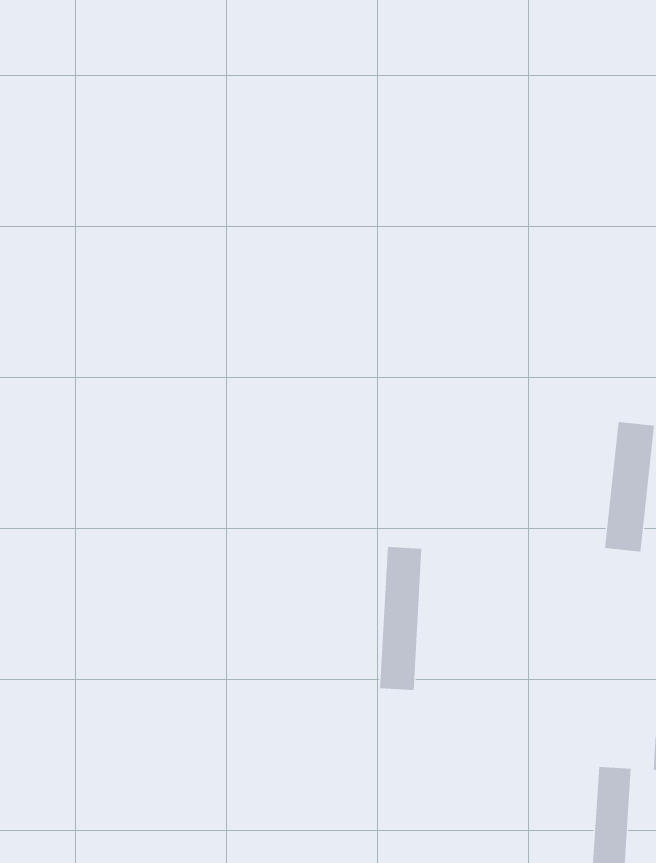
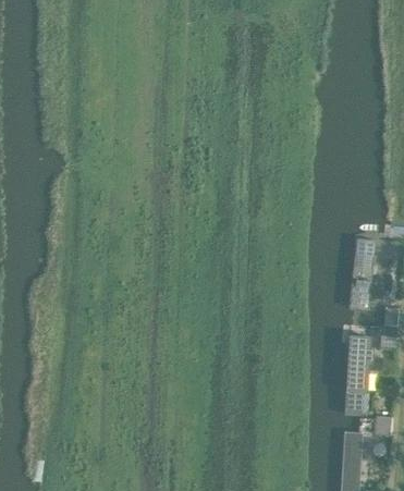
building: [379,546,422,691] -> [345,336,369,417]

